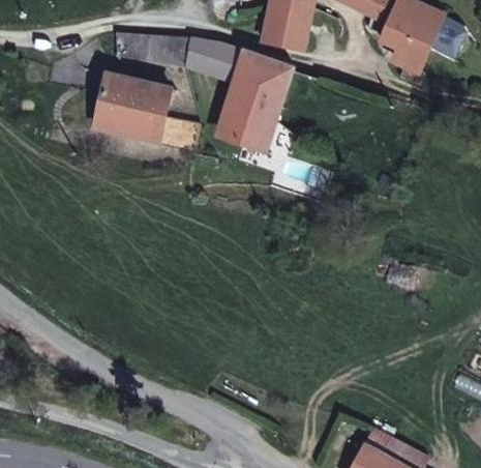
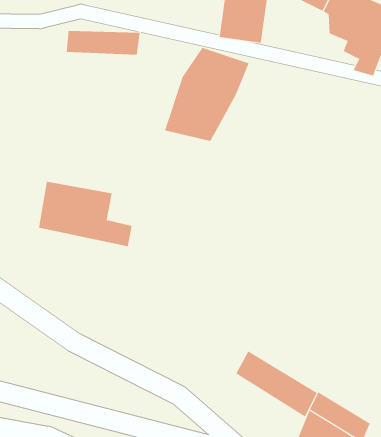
building: [180,36,247,82] -> none
building: [92,83,190,151] -> [38,181,132,247]
building: none -> [236,351,317,417]

